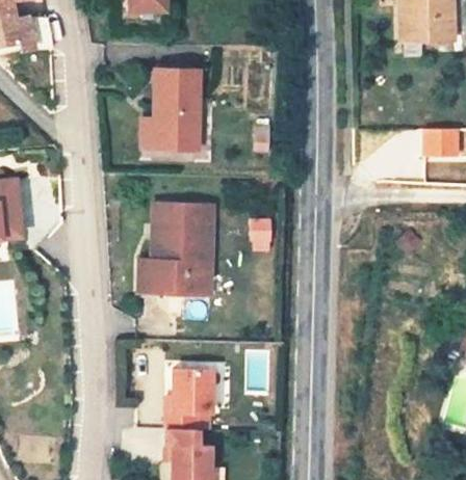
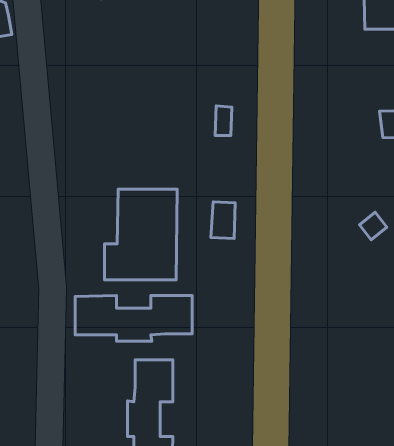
building: [154,70,196,149] -> none
building: none -> [75,295,192,341]

